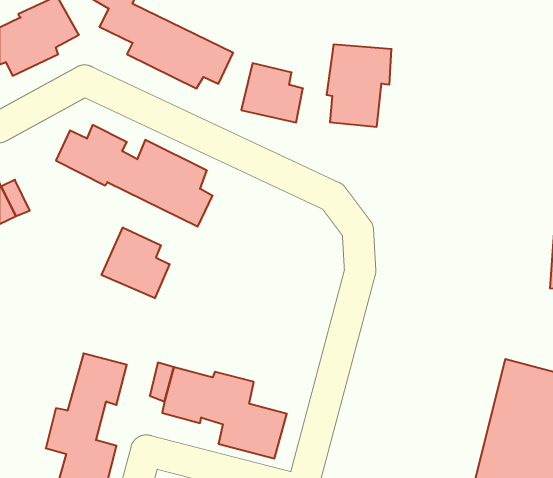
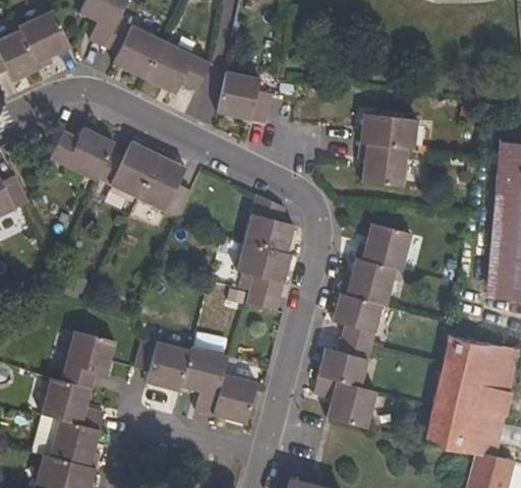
building: [326,45,392,127] -> [358,114,416,187]
building: none -> [237,193,294,310]
building: [102,227,170,298] -> none
building: none -> [312,224,411,428]

